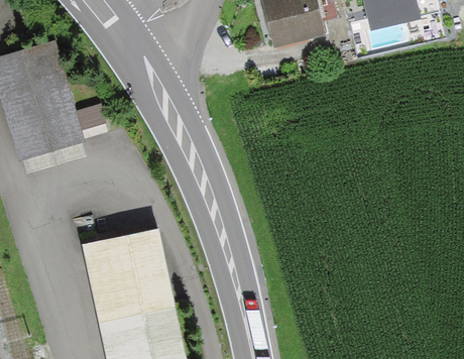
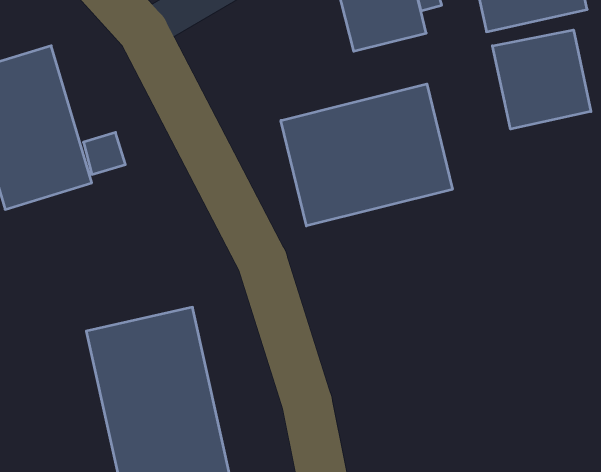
building: none -> [492,30,591,129]
building: none -> [281,84,452,226]

